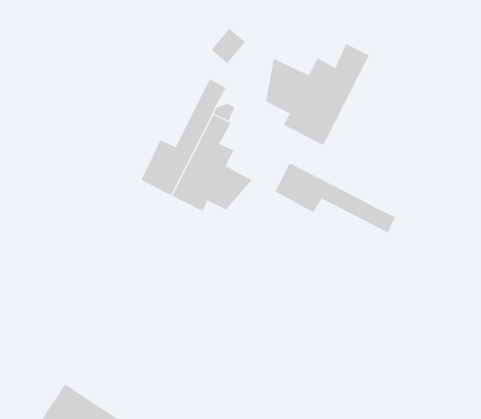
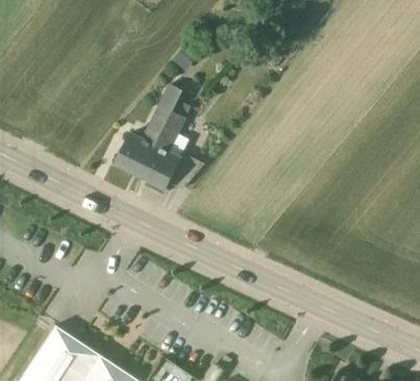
building: [266,43,369,146] -> none
building: [274,163,396,233] -> none

